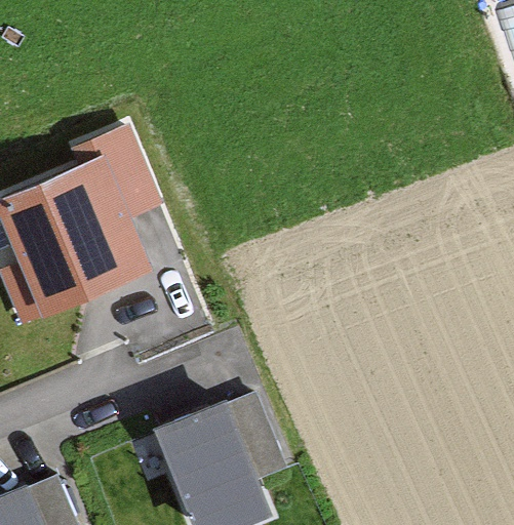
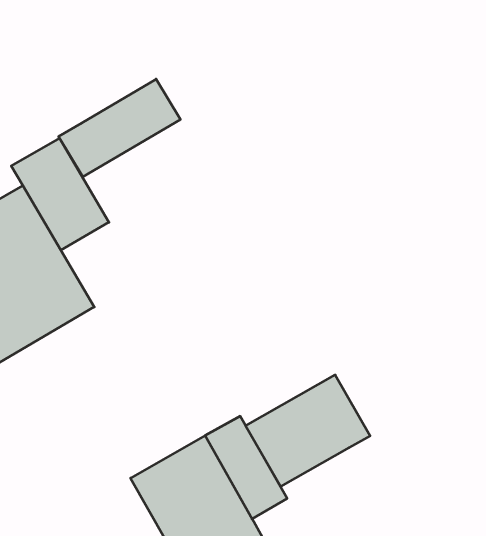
building: none -> [59,79,180,177]
building: none -> [246,375,370,486]

